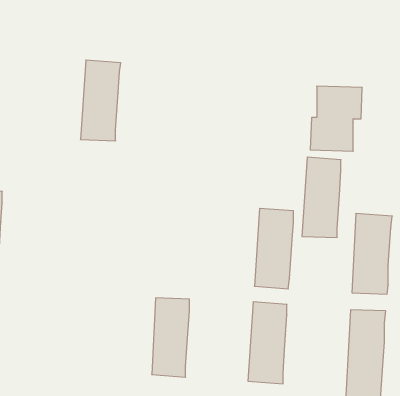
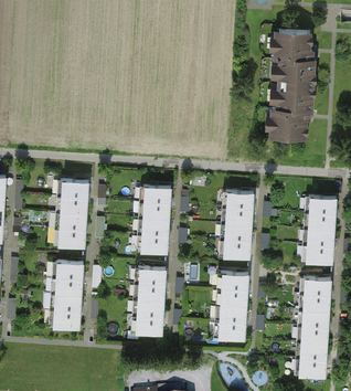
building: none -> [272,33,313,88]
building: [80,60,121,141] -> [55,180,89,249]
building: [302,157,341,238] -> [138,186,171,254]
building: none -> [51,262,84,330]

